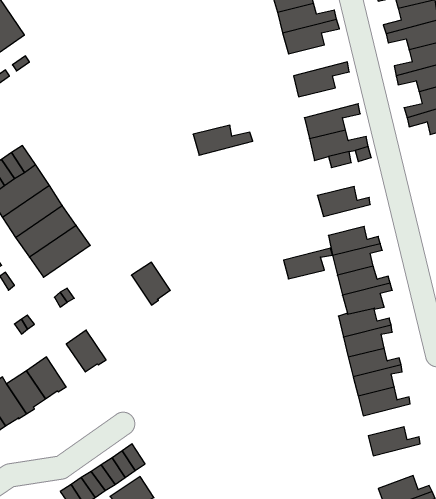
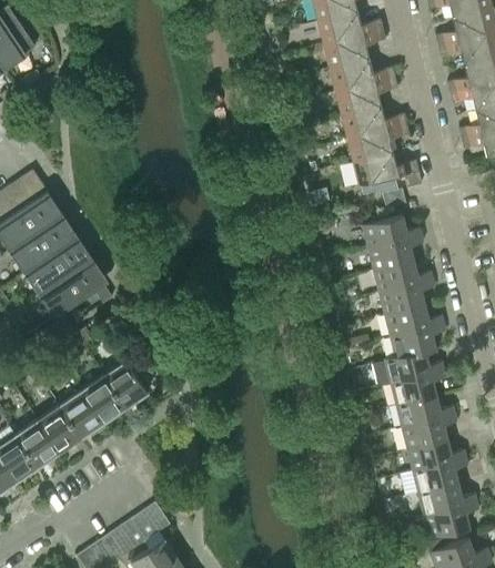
building: none -> [330,59,395,93]
building: [193,125,253,155] -> [341,106,407,140]
building: [284,248,332,279] -> [368,236,423,271]
building: [131,262,170,305] -> [104,362,148,409]
building: none -> [60,392,103,439]
building: none -> [413,458,467,494]
building: none -> [424,503,478,538]

